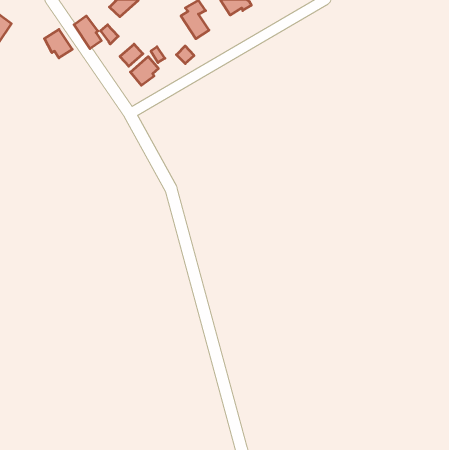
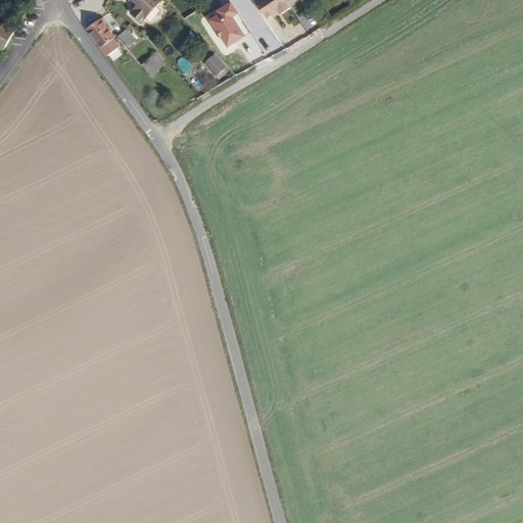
building: [44,29,72,58] -> none
building: [130,57,158,85] -> none

